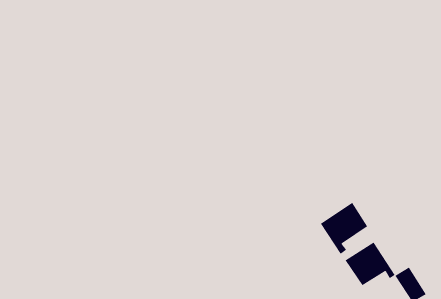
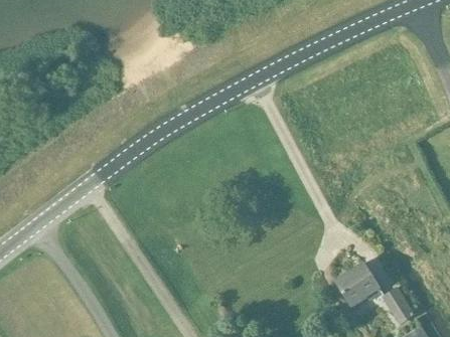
building: [320,202,368,255] -> none

